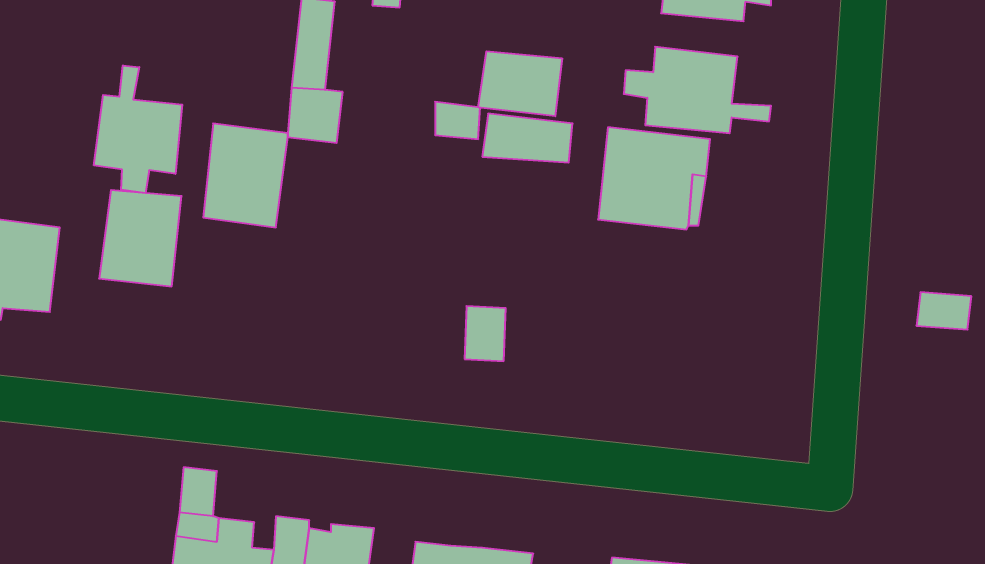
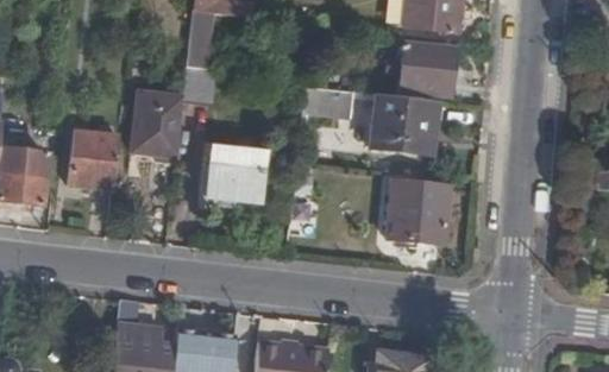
building: [478,51,562,116] -> none
building: [94,65,182,193] -> none
building: none -> [211,144,264,208]
building: none -> [389,179,451,241]

